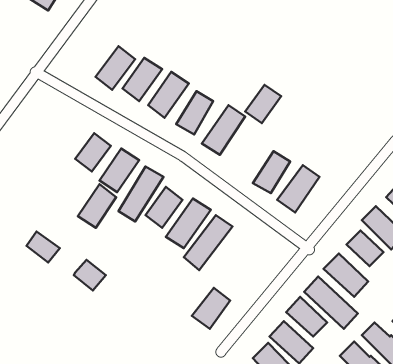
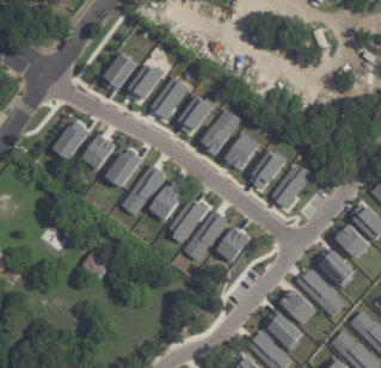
building: [245,85,281,123] -> [225,134,258,170]
building: [78,184,116,228] -> [53,119,88,160]
building: [192,288,230,329] -> [214,226,250,264]

